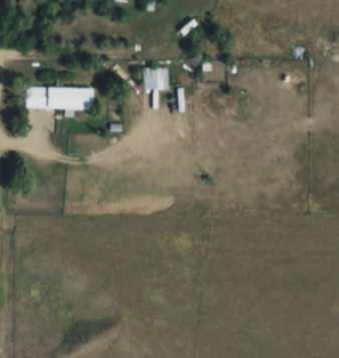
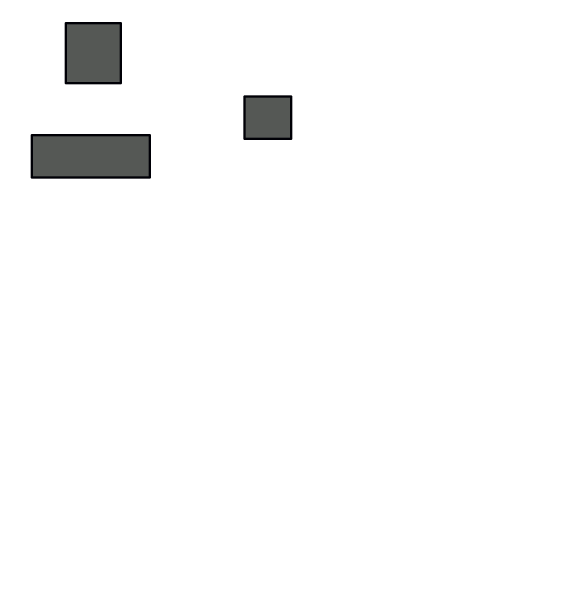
building: none -> [66,23,121,83]

